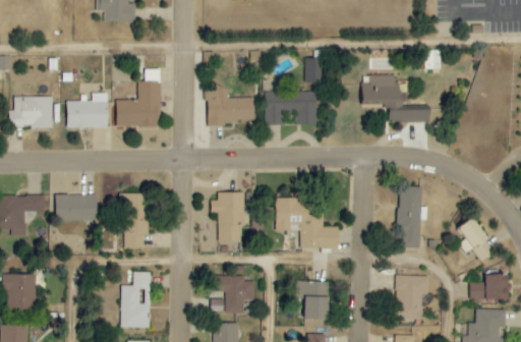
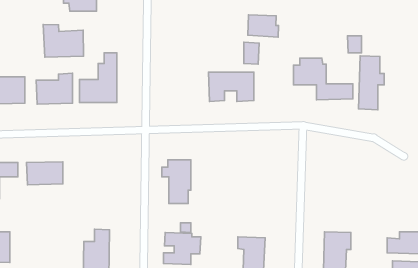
building: none -> [248,15,279,37]
building: none -> [43,25,84,57]
building: [206,87,254,124] -> none
building: [398,186,427,248] -> [358,56,384,110]
building: [124,193,150,249] -> none
building: [276,198,339,247] -> none
building: [458,218,495,263] -> none

